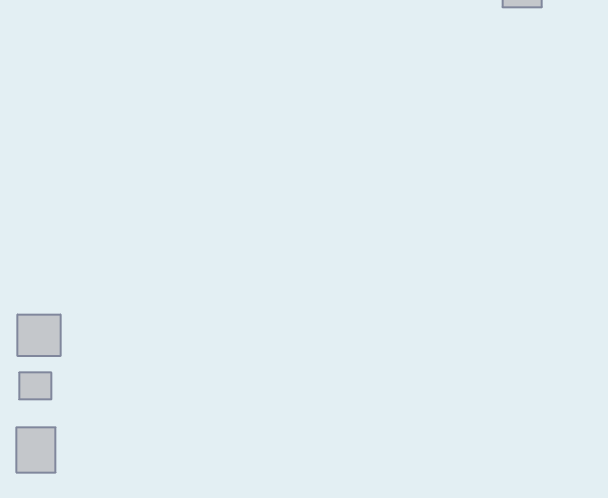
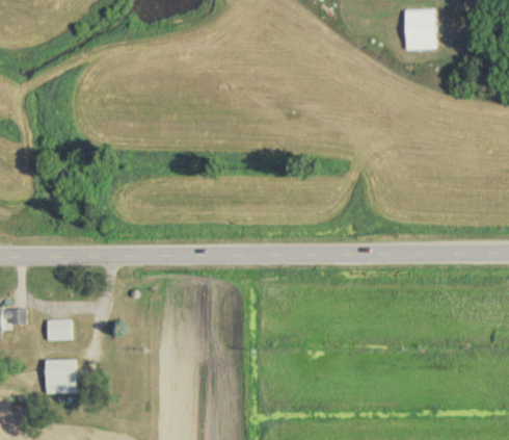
building: [18,314,60,356] -> none

